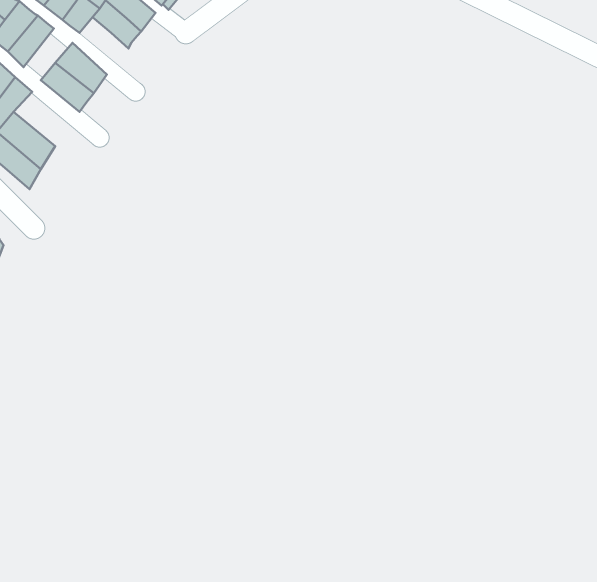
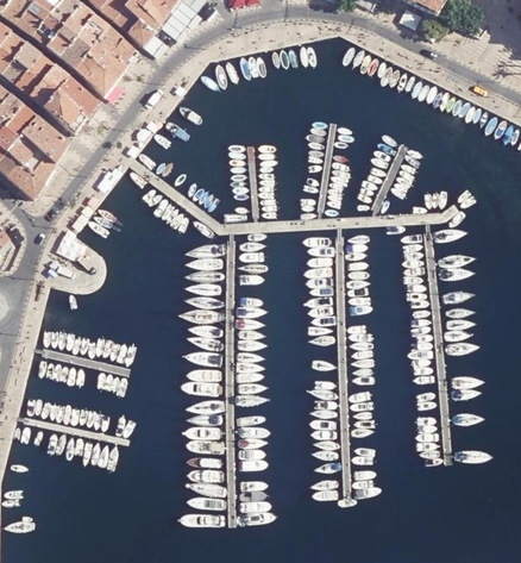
building: none -> [75,55,115,95]
building: none -> [29,64,69,107]
building: none -> [20,117,68,162]

